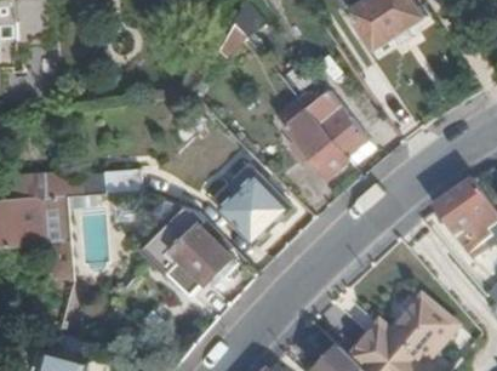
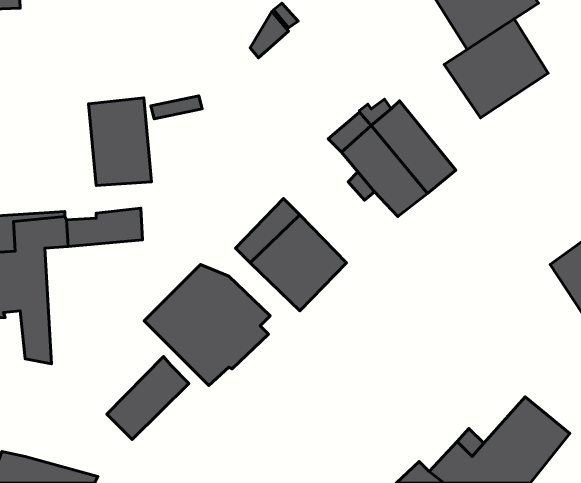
building: none -> [444,19,548,118]
building: none -> [89,98,151,186]
building: none -> [107,356,189,440]

